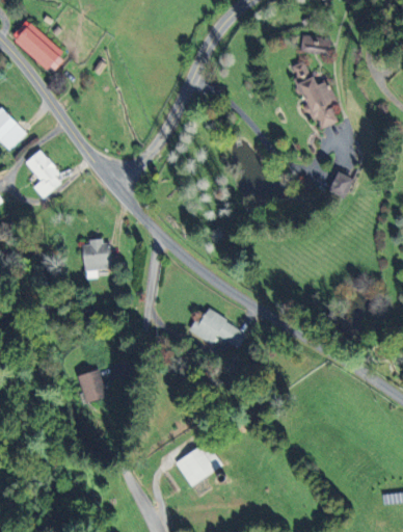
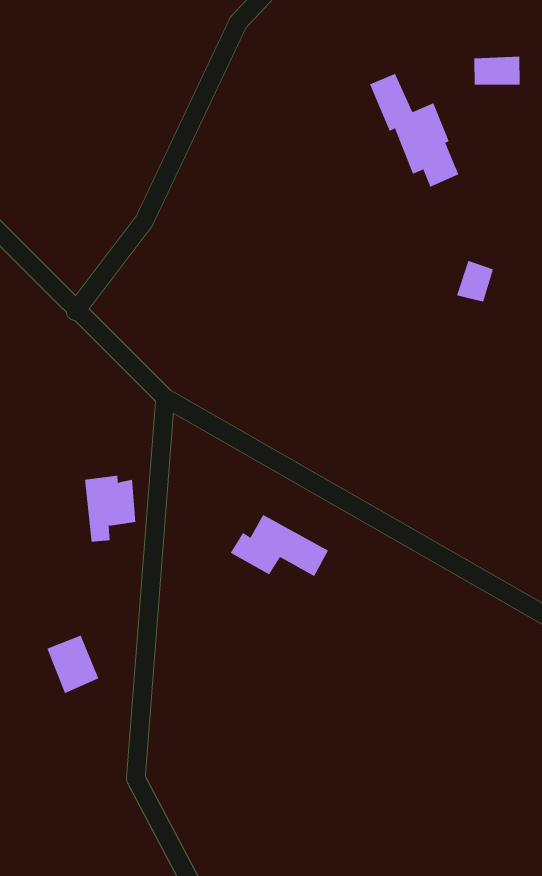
building: [300,35,328,53] -> [473,56,521,85]
building: [83,240,111,277] -> [84,475,136,542]
building: [176,445,221,484] -> none

